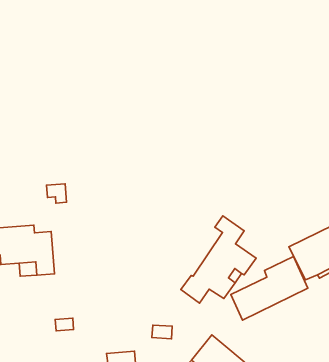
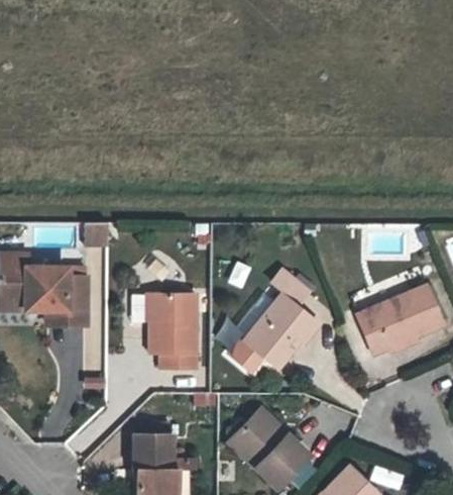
building: none -> [150,294,197,367]
building: [231,256,308,320] -> none

